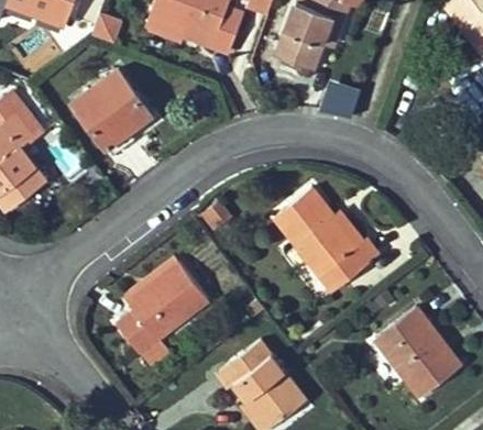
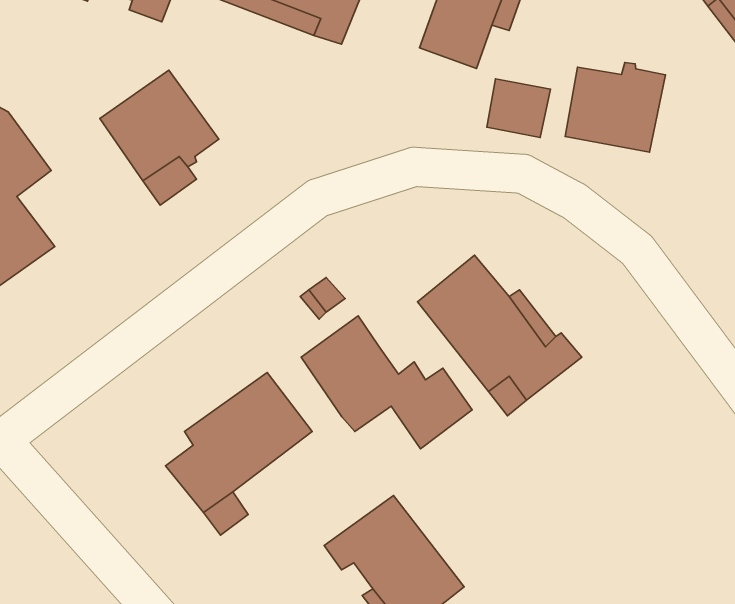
building: none -> [565,63,666,152]
building: none -> [301,316,472,449]
building: [375,307,461,396] -> none

